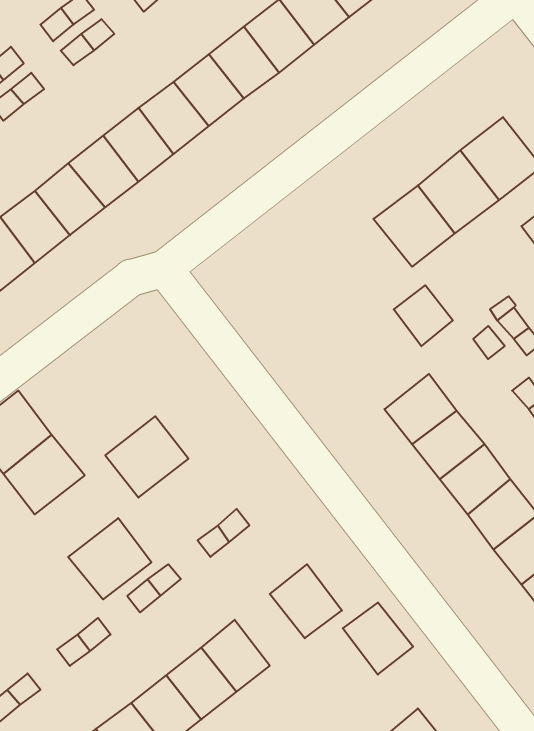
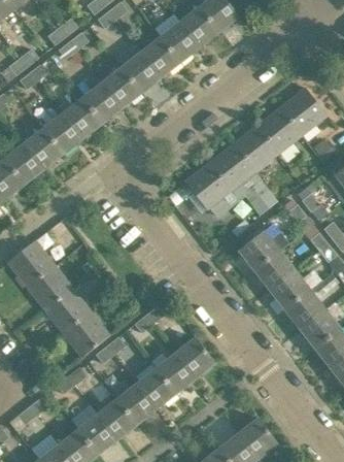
building: none -> [185,143,254,208]
building: [105,416,188,498] -> [44,287,91,332]
building: [343,602,413,675] -> [156,353,195,393]

